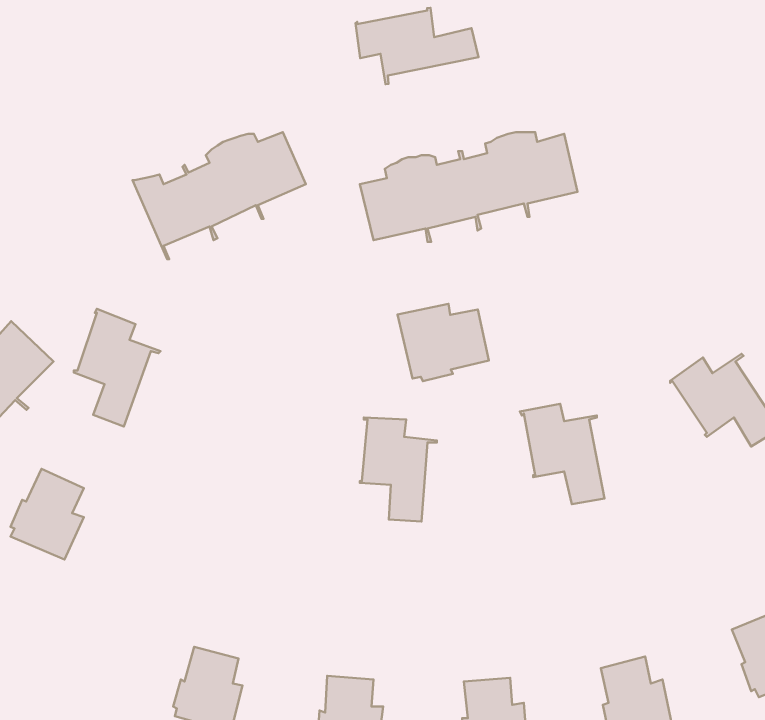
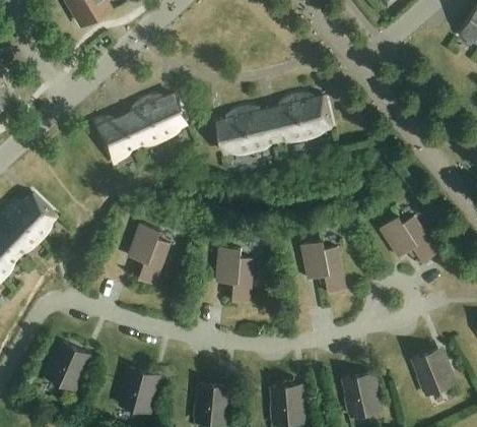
building: [355,8,478,84] -> none
building: [397,304,489,381] -> none
building: [74,309,160,426] -> [128,223,174,285]
building: [11,469,84,559] -> [46,342,84,389]

